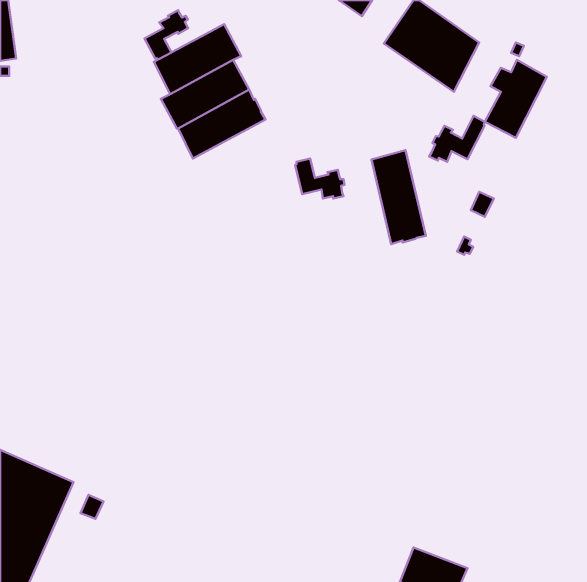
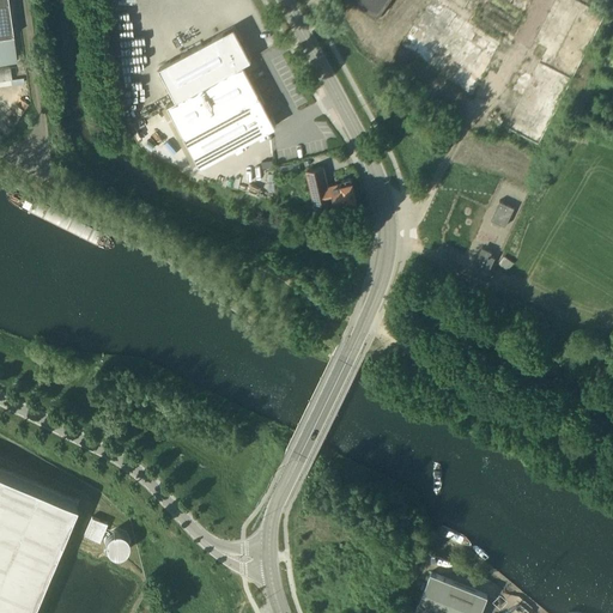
building: [144,10,188,60] -> none
building: [429,116,485,162] -> none
building: [371,150,426,244] -> none

